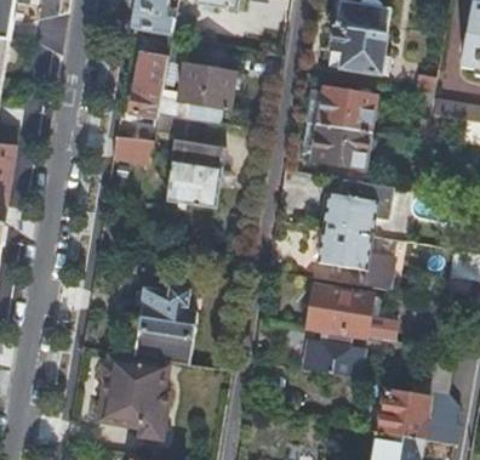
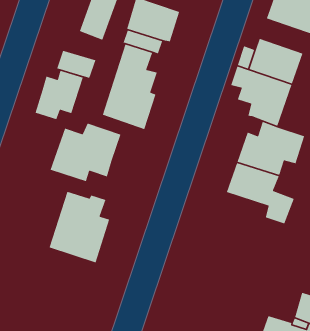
building: none -> [35,70,84,120]
building: none -> [49,123,121,182]
building: [303,284,372,377] -> none
building: [97,356,166,436] -> none

